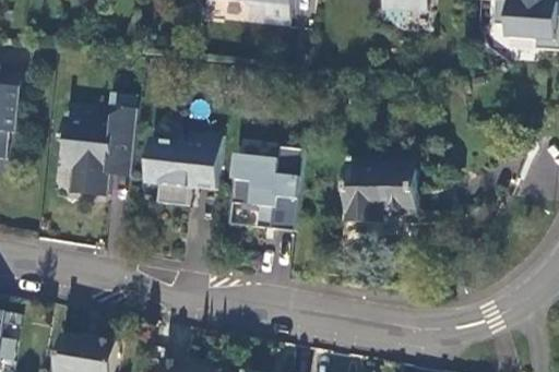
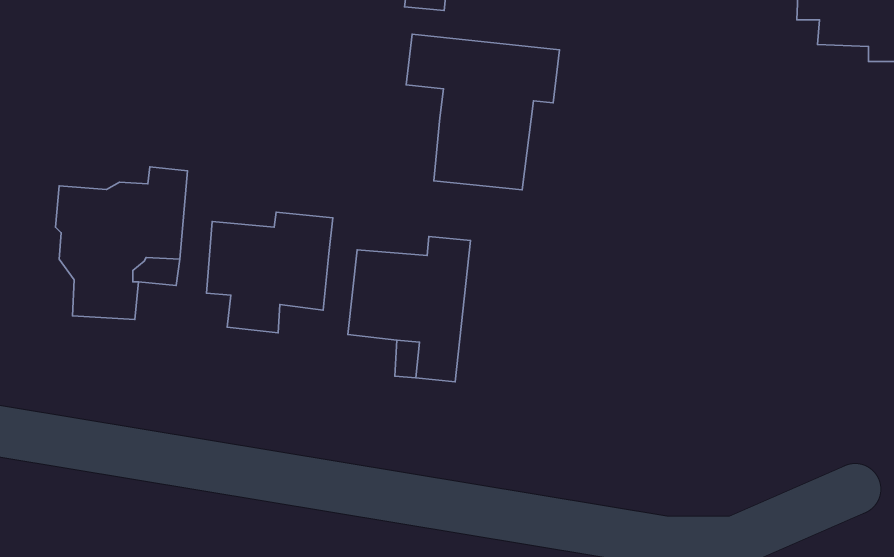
building: none -> [406,34,559,190]
building: [345,164,416,223] -> none

